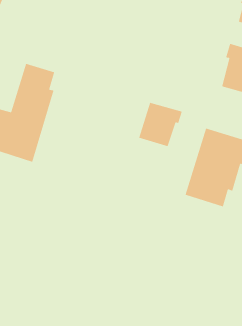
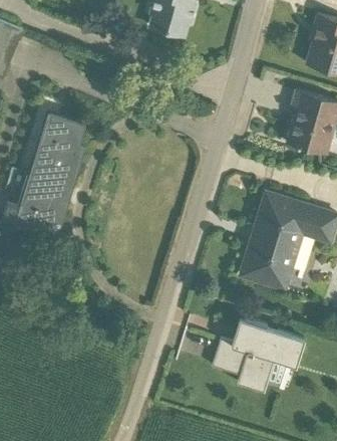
building: [138,102,183,147] -> none
building: none -> [213,315,304,392]

